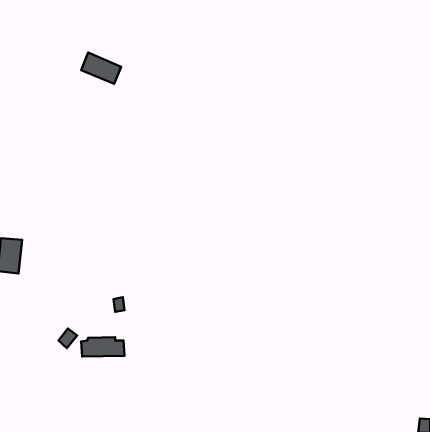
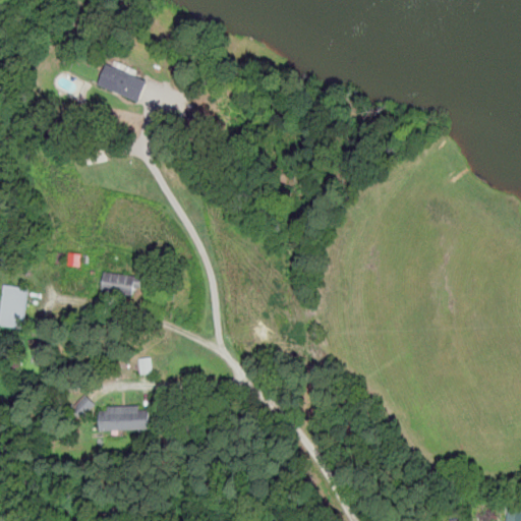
building: none -> [101,275,133,294]

